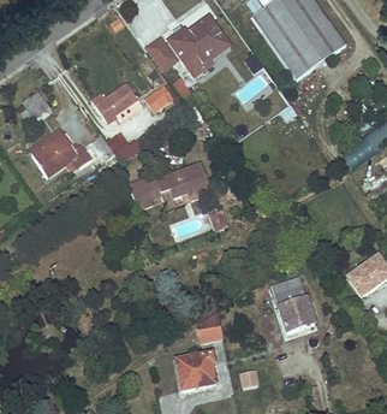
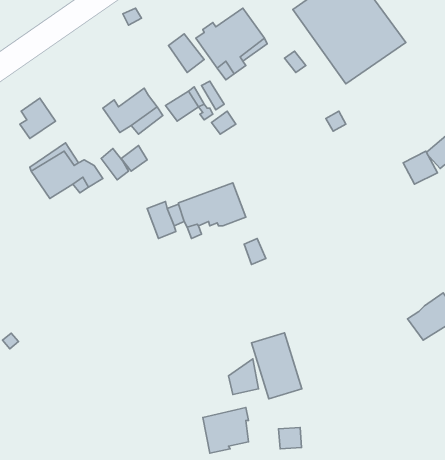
building: [272,277,314,332] -> [252,333,302,399]

